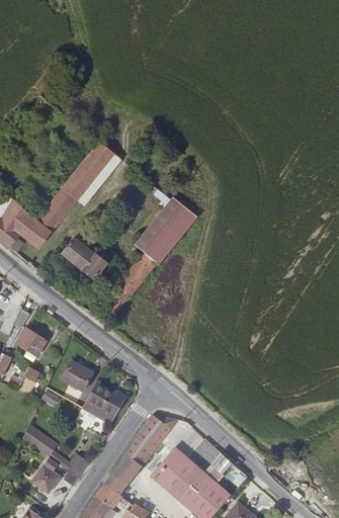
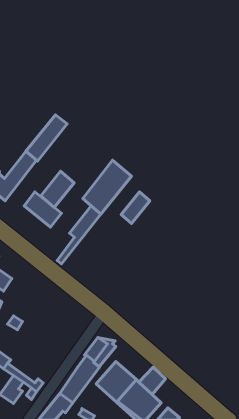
building: none -> [41,171,74,207]
building: none -> [121,192,150,224]
building: [62,363,93,394] -> none
building: [74,385,126,431] -> none

